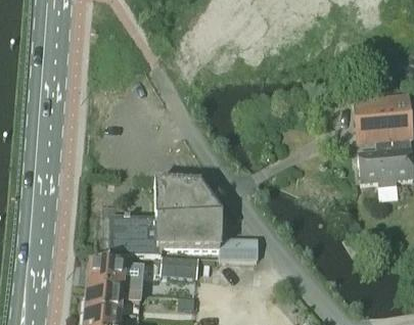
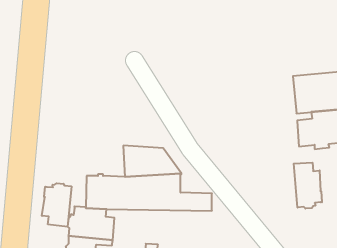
building: none -> [294,163,322,209]
building: none -> [42,183,71,227]
building: [162,256,197,276] -> none

